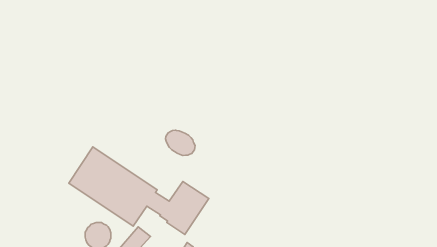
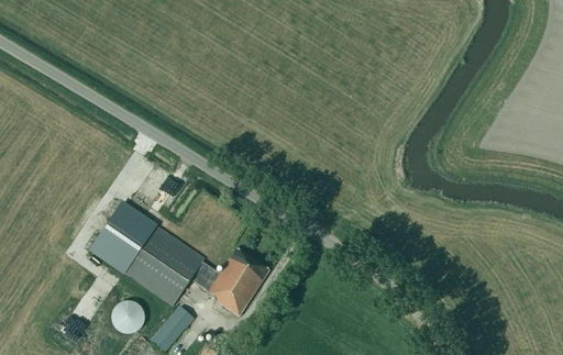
building: [165,130,195,155] -> none

